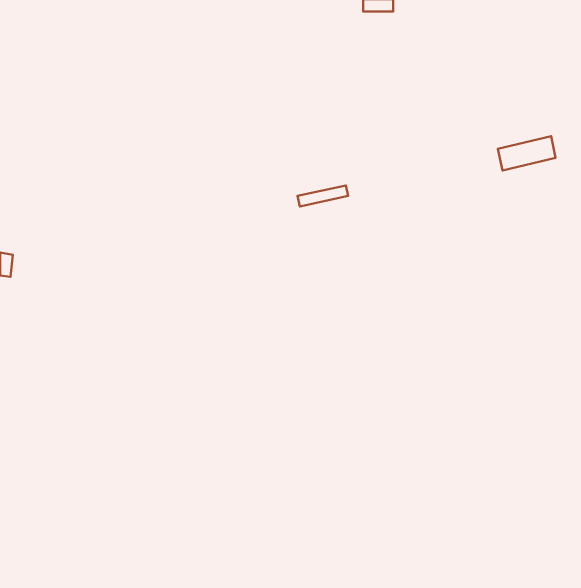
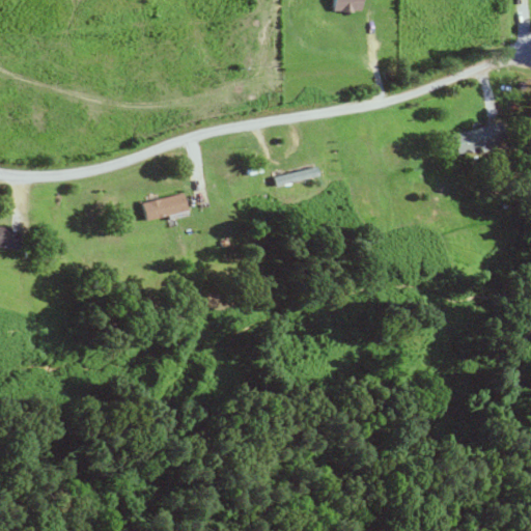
building: none -> [143,195,188,218]

